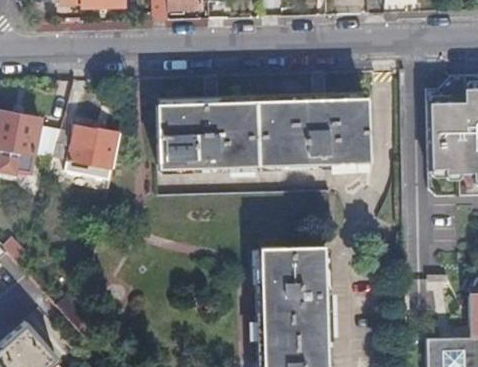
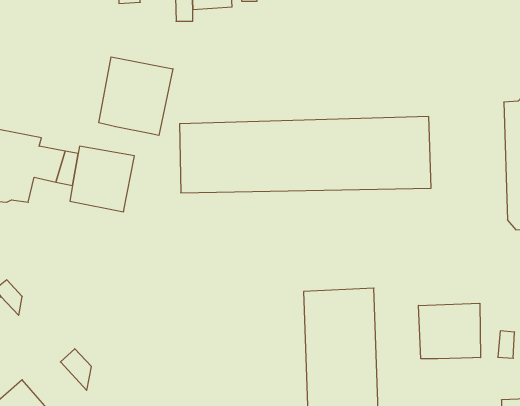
building: none -> [99,57,173,135]
building: none -> [419,303,481,359]

